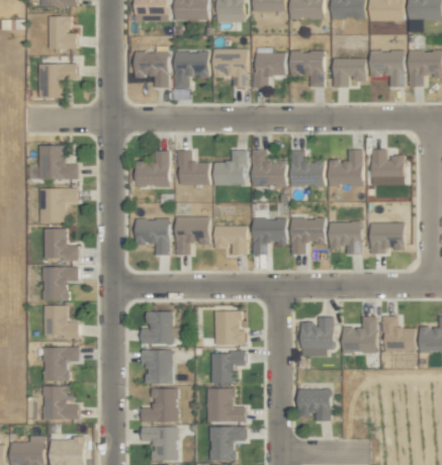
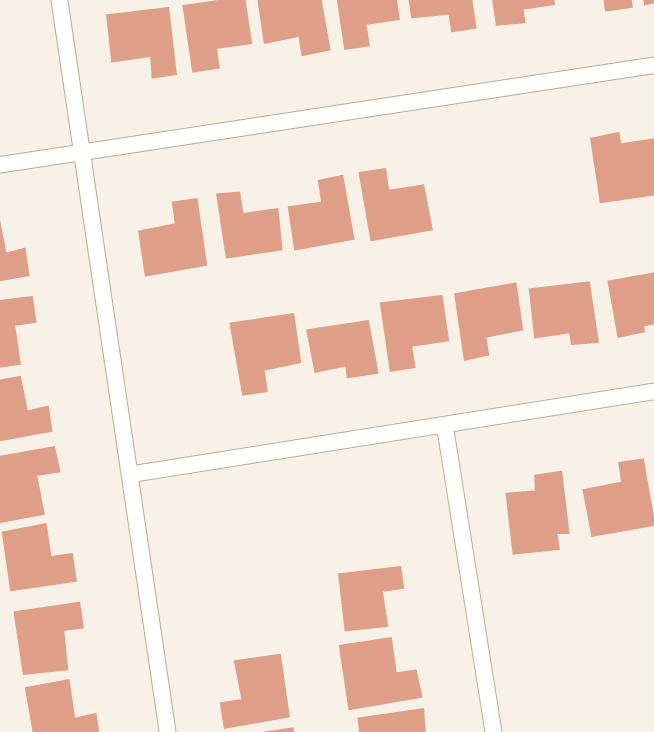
building: [290,150,325,185] -> none
building: [329,150,363,186] -> none
building: [136,218,170,255] -> none
building: [142,310,179,345] -> none
building: [213,310,245,345] -> none
building: [142,349,172,384] -> none
building: [298,389,331,421] -> none

